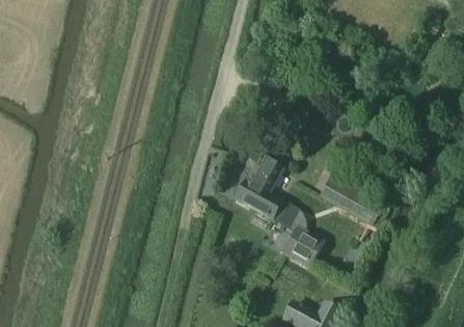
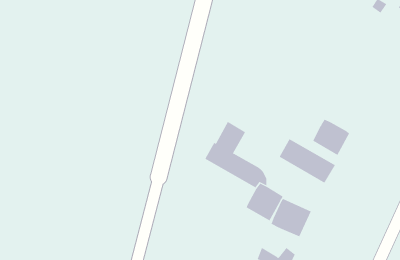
building: none -> [312,119,350,156]
building: none -> [271,198,312,237]

